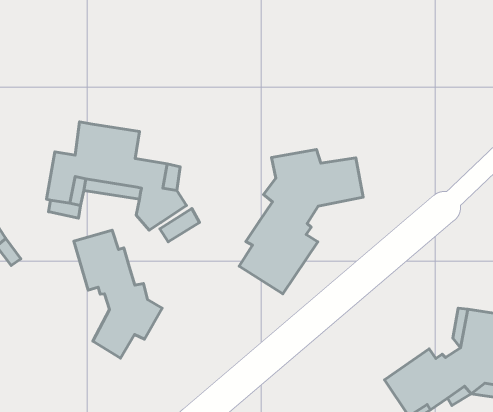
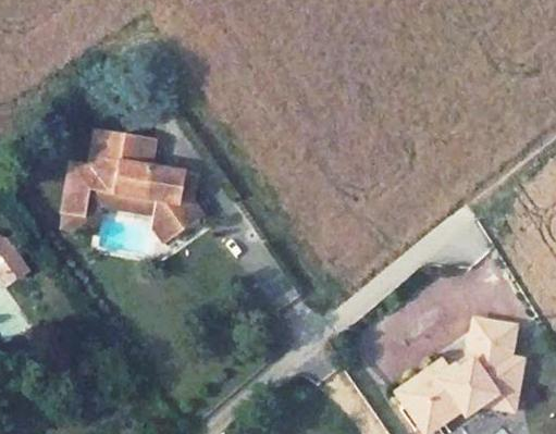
building: [239,150,363,294] -> none
building: [74,230,162,358] -> none

